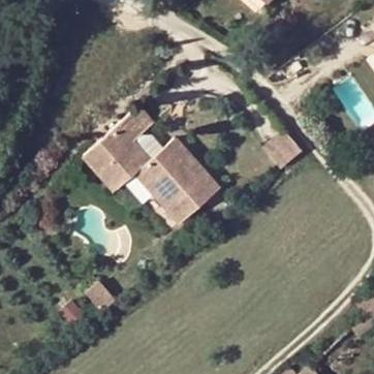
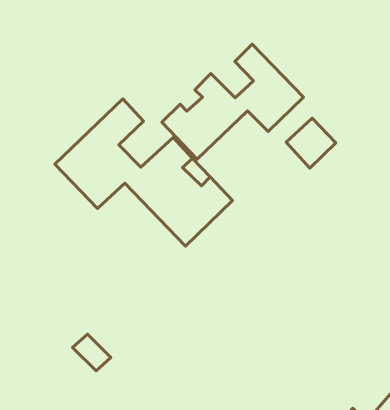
building: none -> [162,44,303,159]

